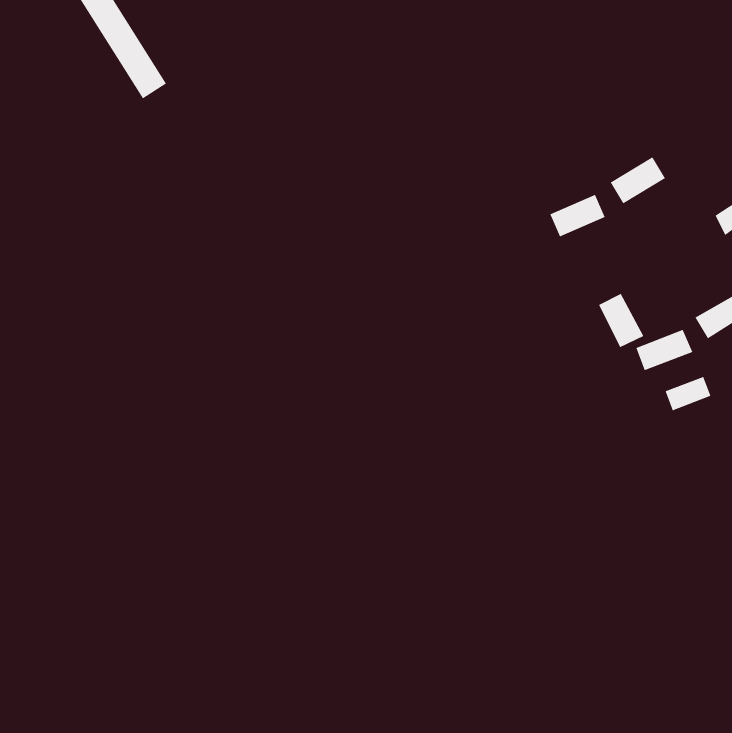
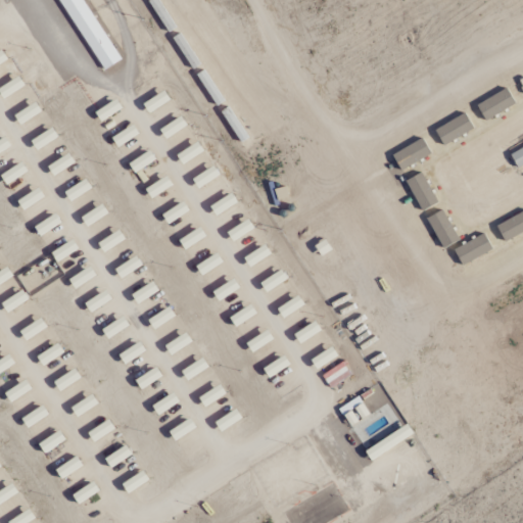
building: none -> [477,88,517,120]
building: none -> [408,172,437,210]
building: [665,376,711,411] -> none

